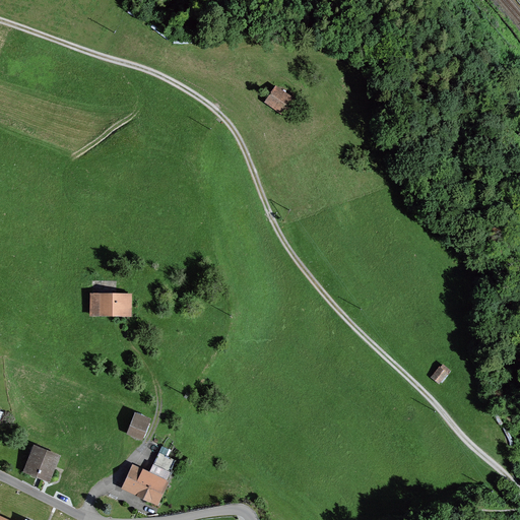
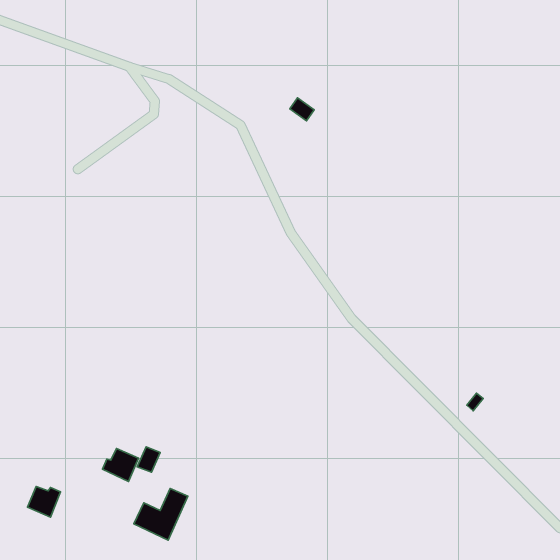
building: [91,296,127,314] -> none
building: none -> [102,449,139,482]

